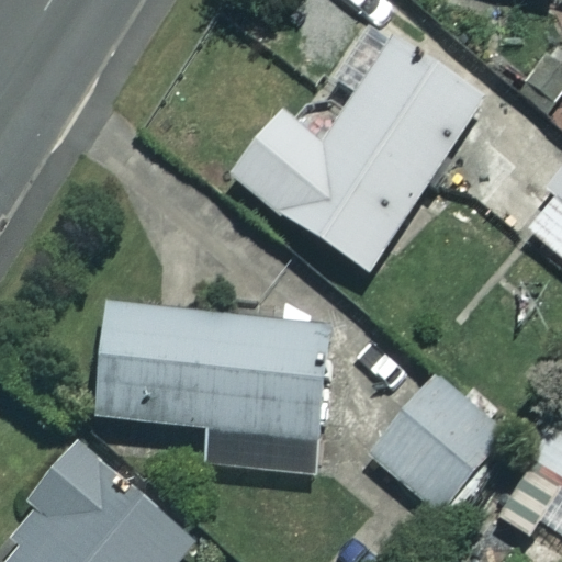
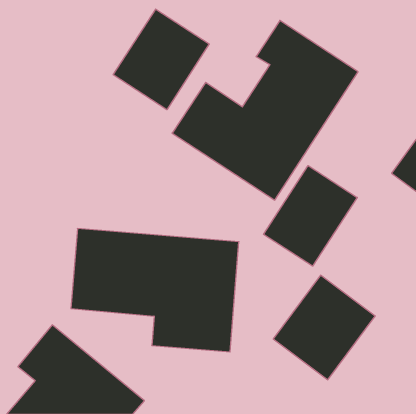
building: none -> [113,9,209,110]
building: none -> [264,166,357,266]

